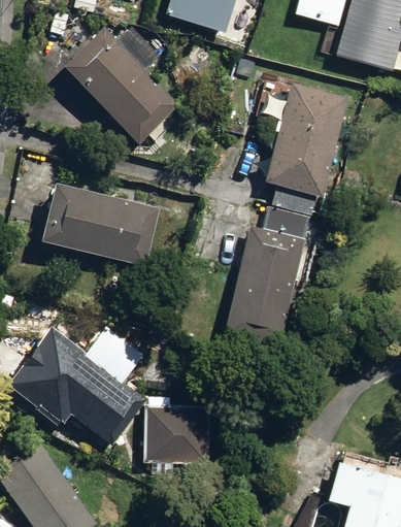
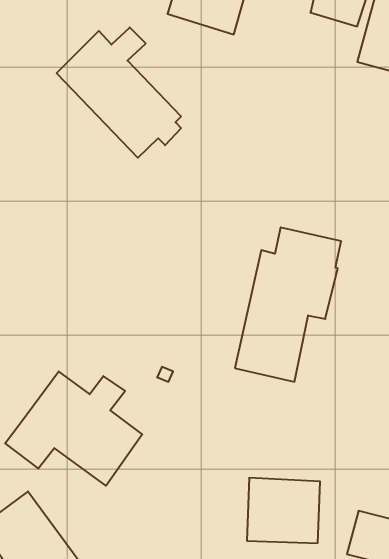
building: [265,84,348,215] -> none
building: [42,184,157,266] -> none
building: [141,400,207,459] -> [247,478,320,543]

